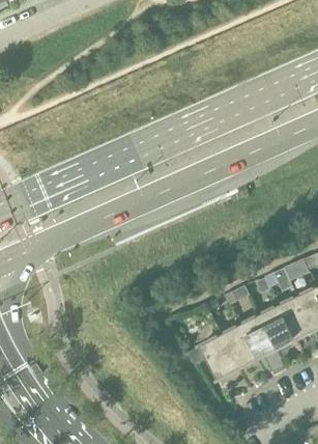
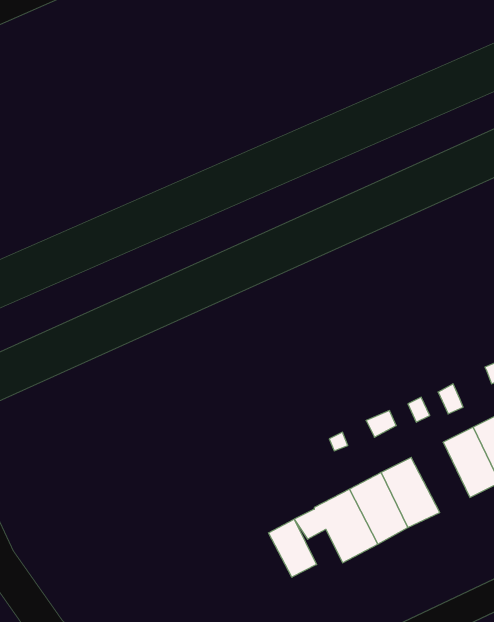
building: [262,304,298,348] -> none
building: none -> [269,519,317,577]

